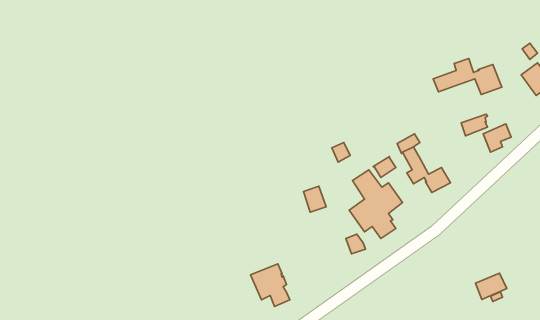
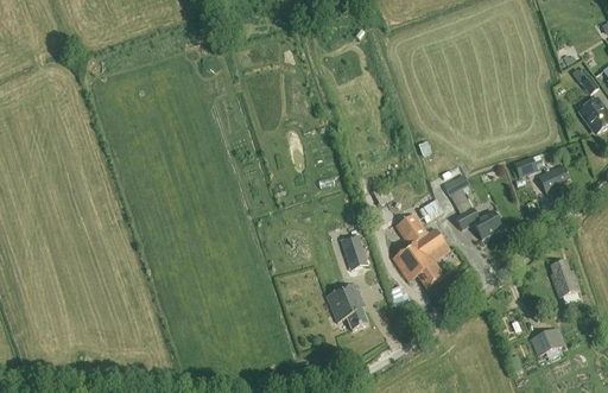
building: [433,59,502,94] -> none
building: none -> [550,260,578,298]
building: [251,264,290,306] -> [325,284,368,330]

